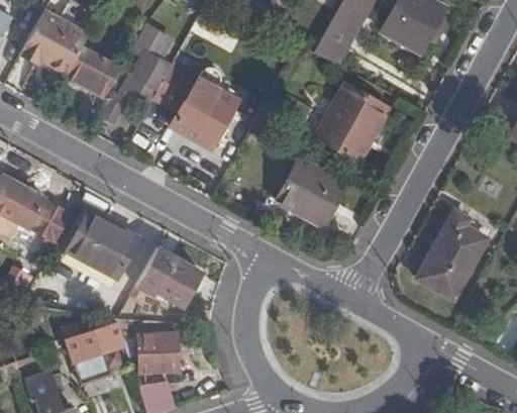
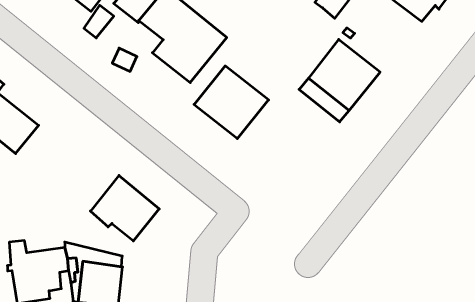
building: [277,160,346,226] -> [194,66,269,139]
building: [68,210,139,278] -> none
building: [416,210,487,297] -> none

